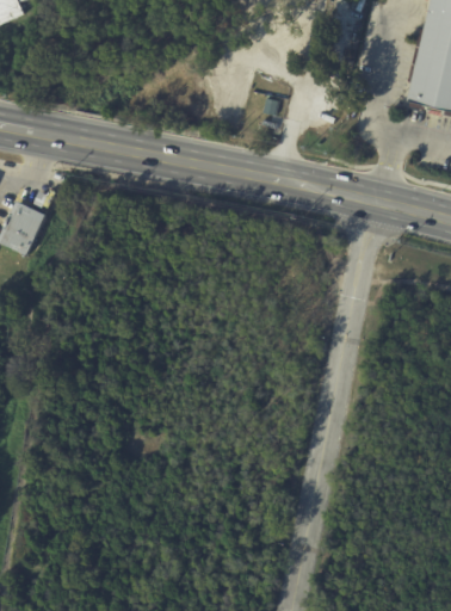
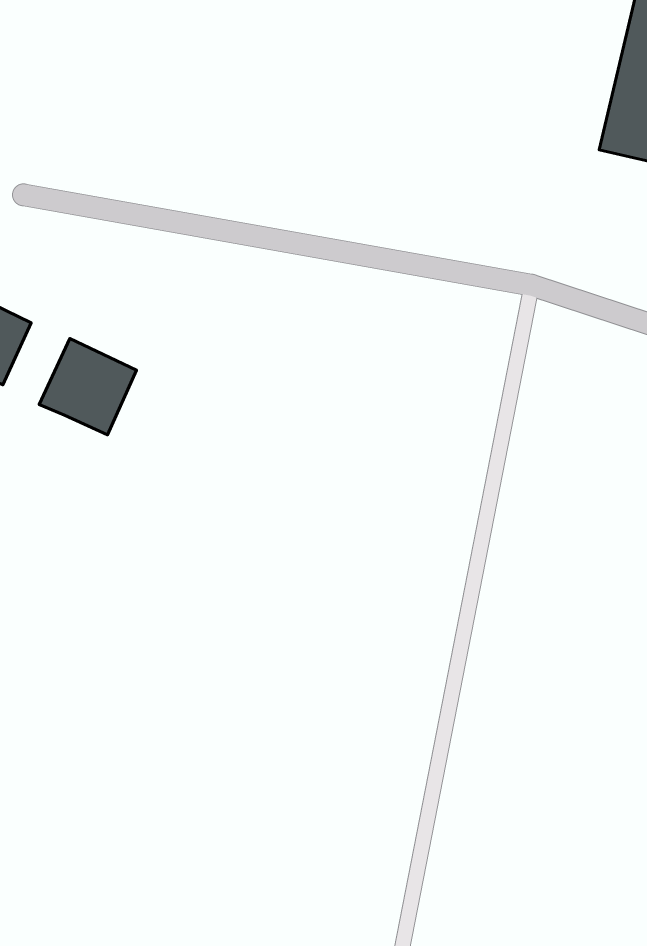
building: none -> [39,339,137,435]

